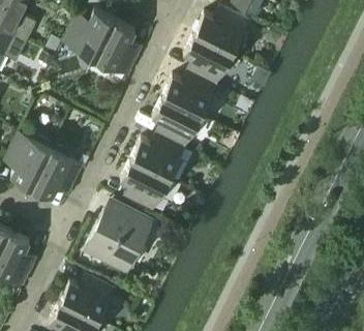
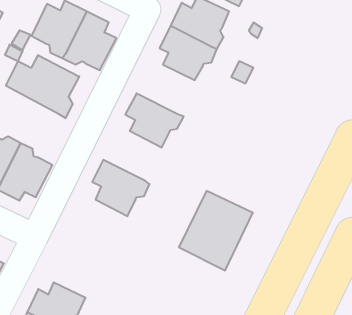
building: none -> [6,55,79,118]
building: [160,70,215,119] -> none
building: [129,132,184,182] -> none
building: [83,201,152,275] -> [179,191,253,270]

